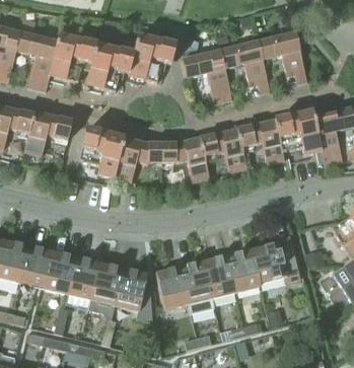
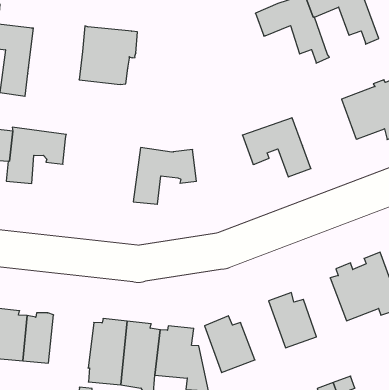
building: [50,34,95,80] -> none
building: [128,34,175,81] -> none
building: [182,50,232,101] -> none
building: [237,120,285,162] -> none
building: [78,128,125,175] -> none
building: [162,137,210,179] -> none
building: [229,248,260,290] -> none
building: [39,250,75,292] -> none
building: [182,260,214,312] -> none

